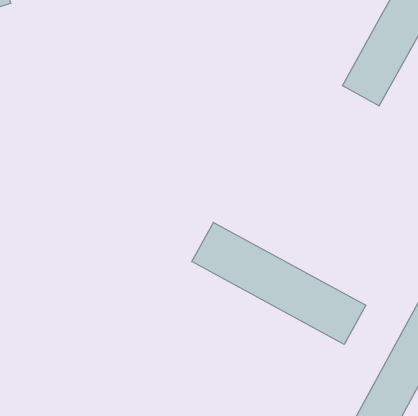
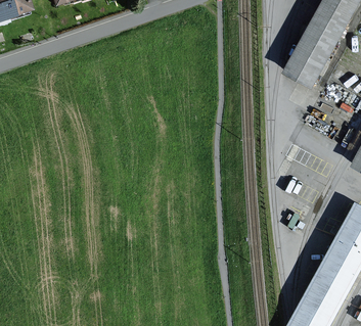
building: [192,222,366,344] -> none

